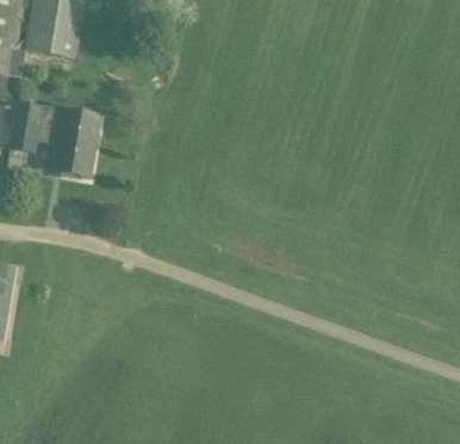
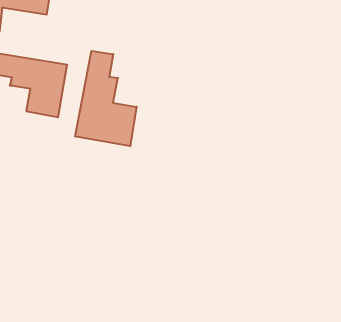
building: none -> [75,51,137,146]

